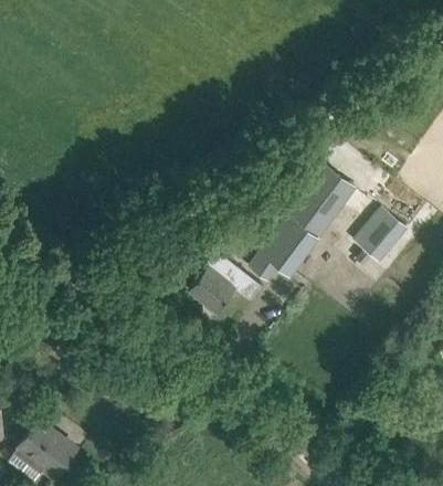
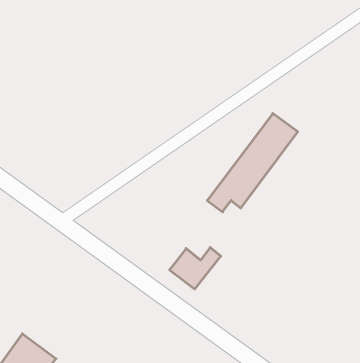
building: [355,207,408,262] -> none
building: [189,264,247,311] -> [170,247,221,289]

